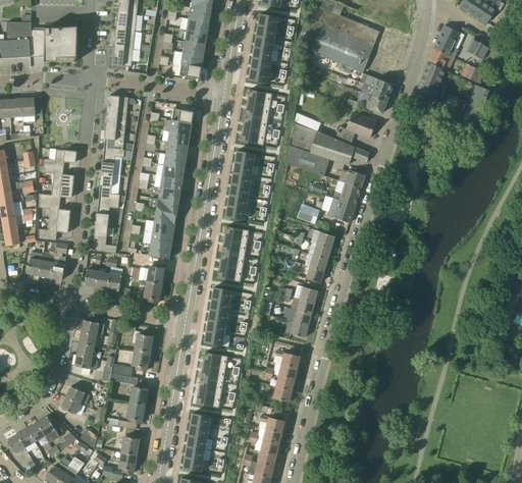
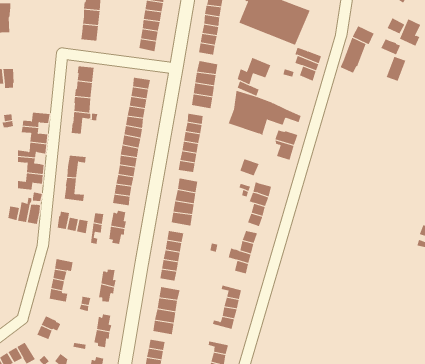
building: [434,25,460,58] -> [399,19,421,47]
building: [30,26,77,62] -> none
building: [335,113,375,146] -> [237,57,271,85]
building: [99,174,120,202] -> none
building: [317,199,356,227] -> none

